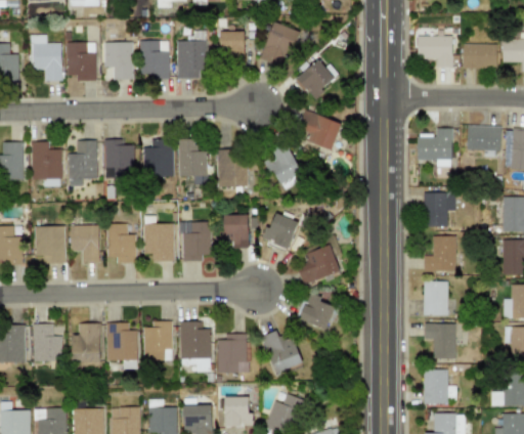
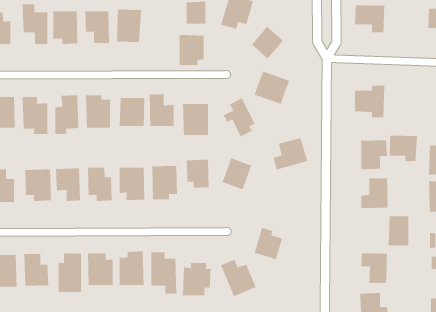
building: [177,40,207,76] -> [179,35,204,66]
building: [463,44,497,69] -> none
building: [467,126,500,157] -> [389,135,418,162]
building: [299,246,340,284] -> [273,137,308,170]
building: [423,280,447,315] -> [388,216,409,246]

